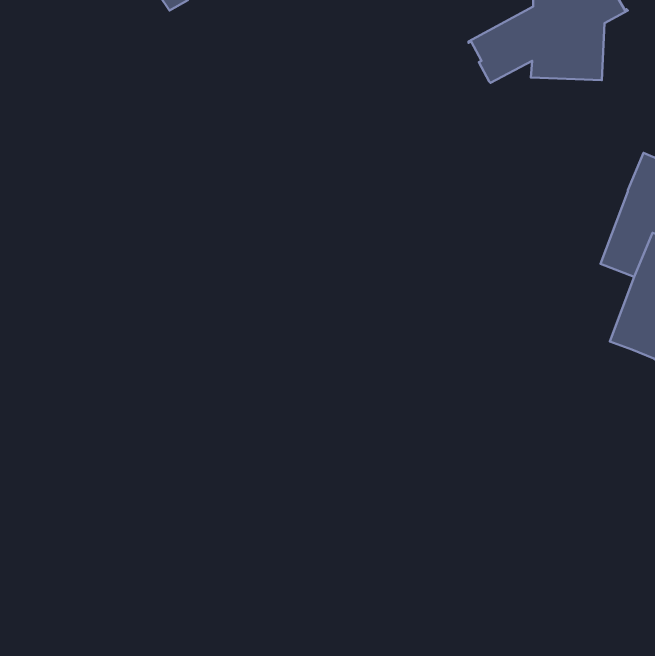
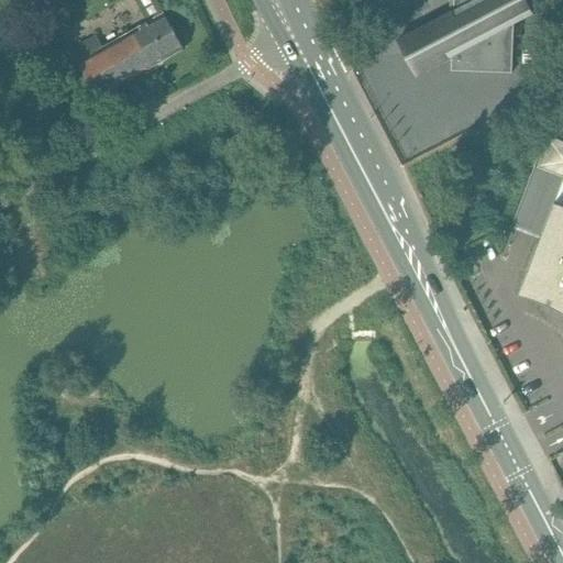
building: none -> [75,9,189,92]

